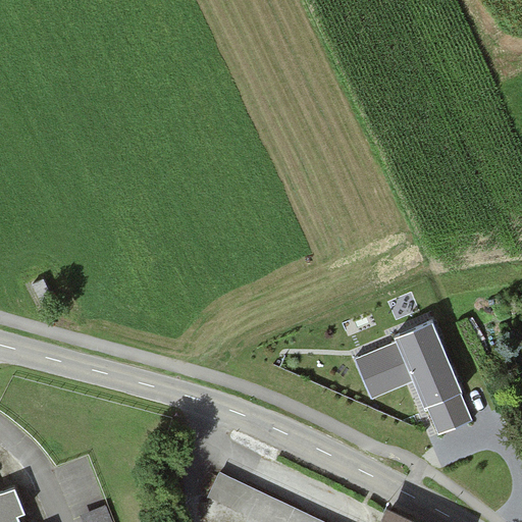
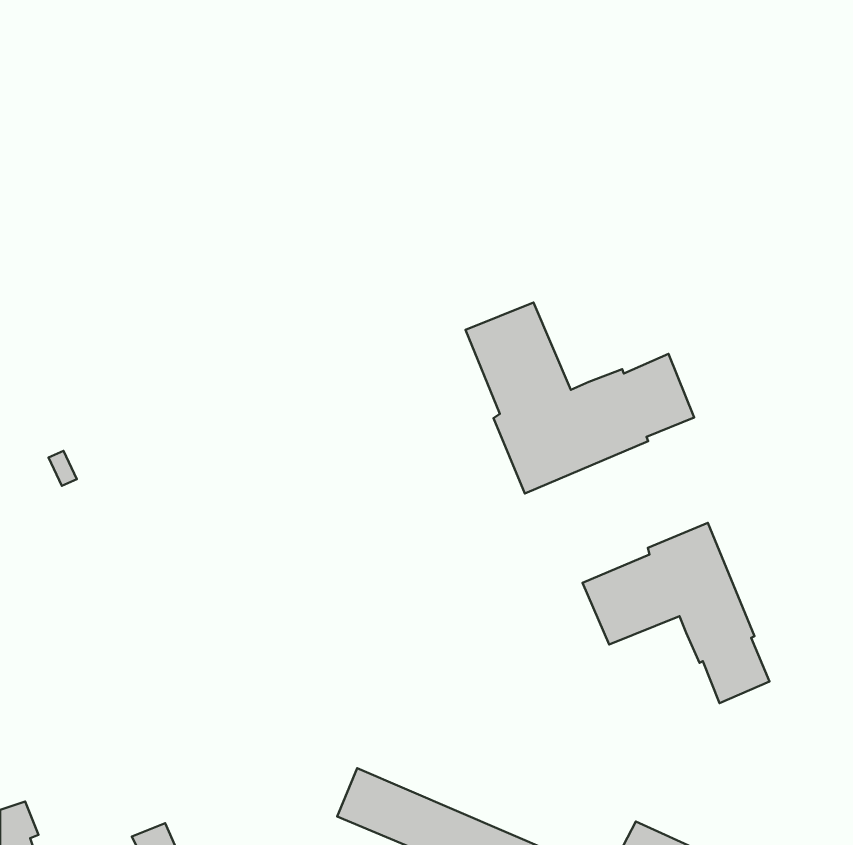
building: none -> [465,303,694,493]

